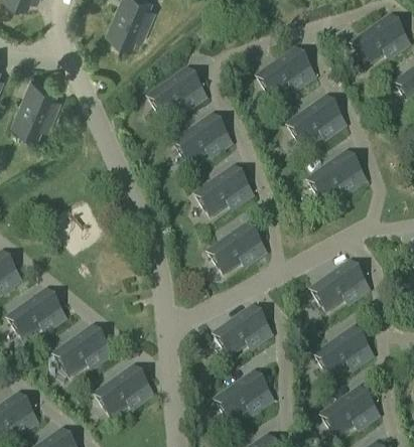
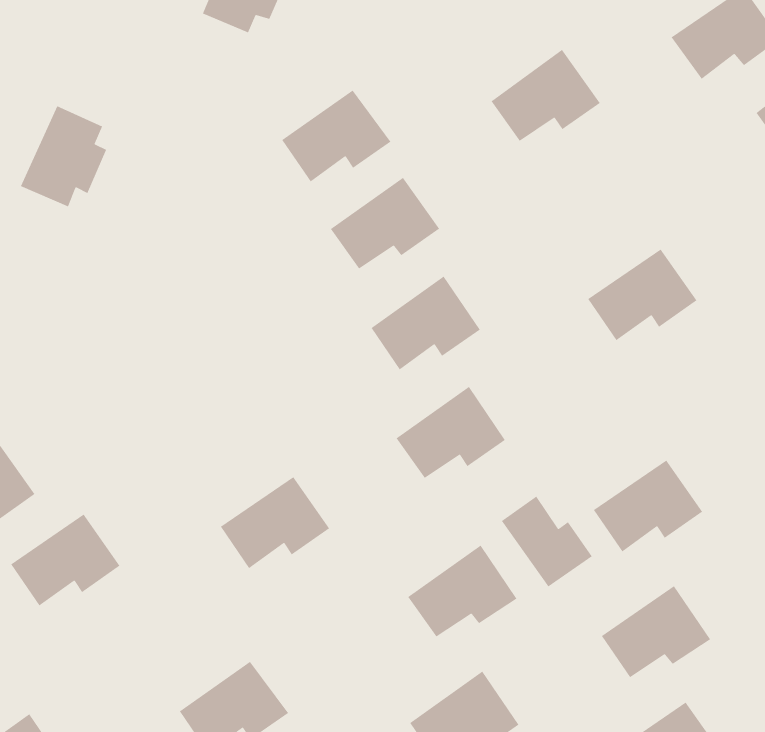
building: [288,96,346,144] -> none
building: none -> [501,495,593,587]
building: [54,325,112,374] -> [220,476,330,569]

